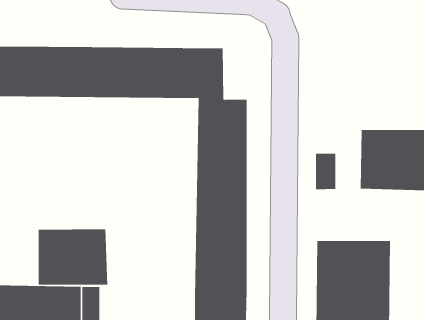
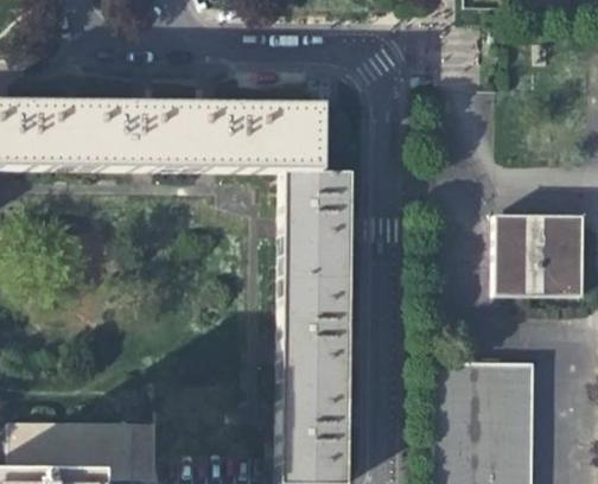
building: [316,153,336,190] -> none
building: [38,228,108,286] -> none

